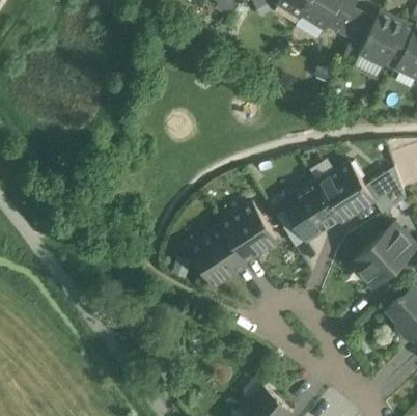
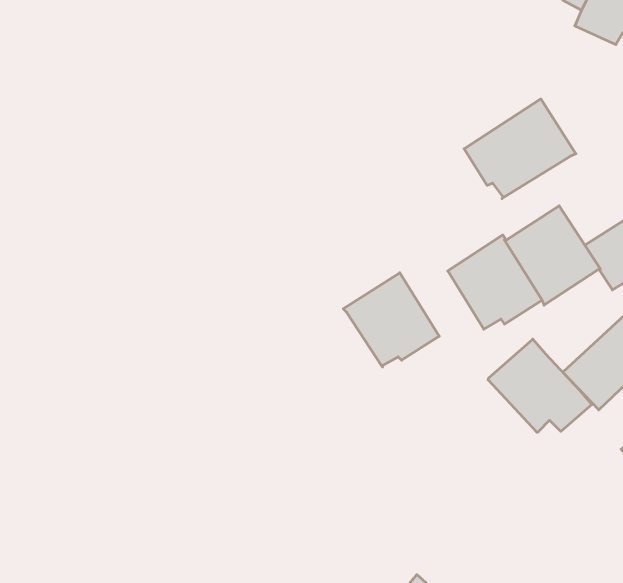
building: none -> [464,99,576,199]
building: [189,228,245,287] -> none
building: none -> [488,339,592,432]

